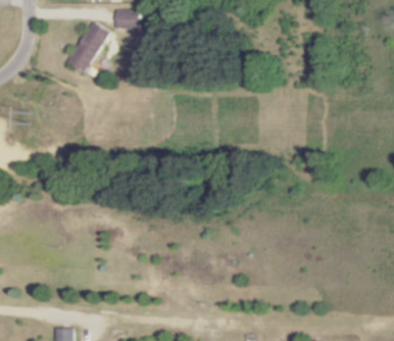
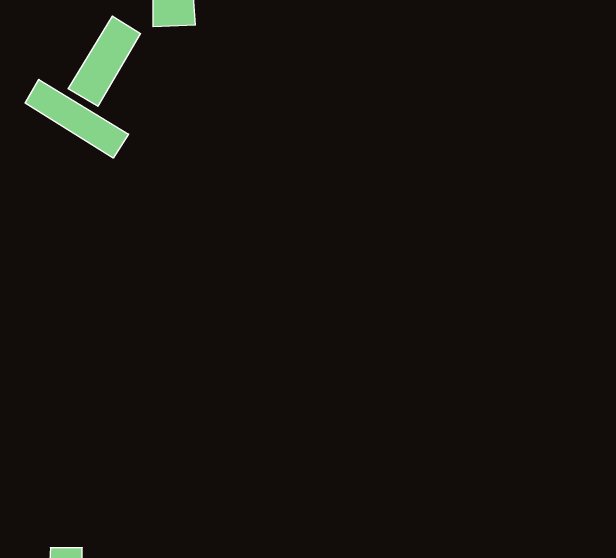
building: none -> [25,79,129,158]

